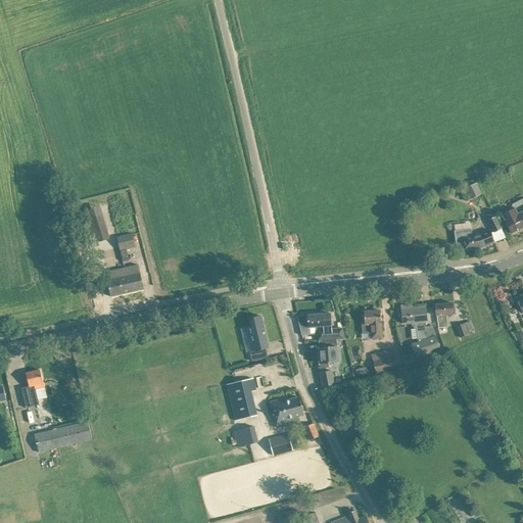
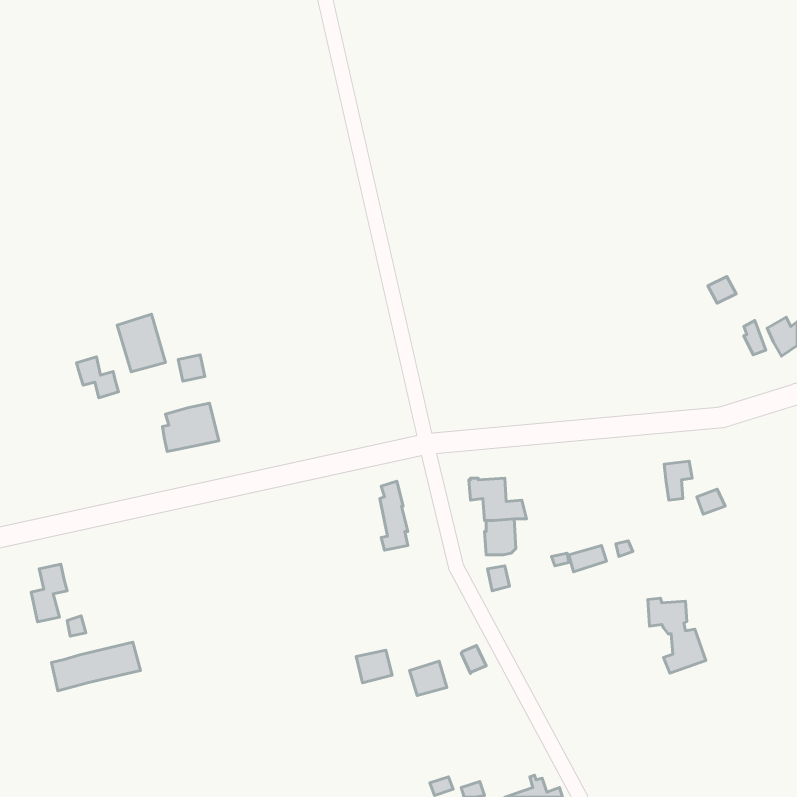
building: [454,228,494,249] -> none
building: none -> [77,357,119,398]
building: [400,304,438,353] -> [648,598,706,673]
building: [361,310,381,337] -> none
building: [226,377,256,419] -> none
building: [271,396,302,425] -> none

